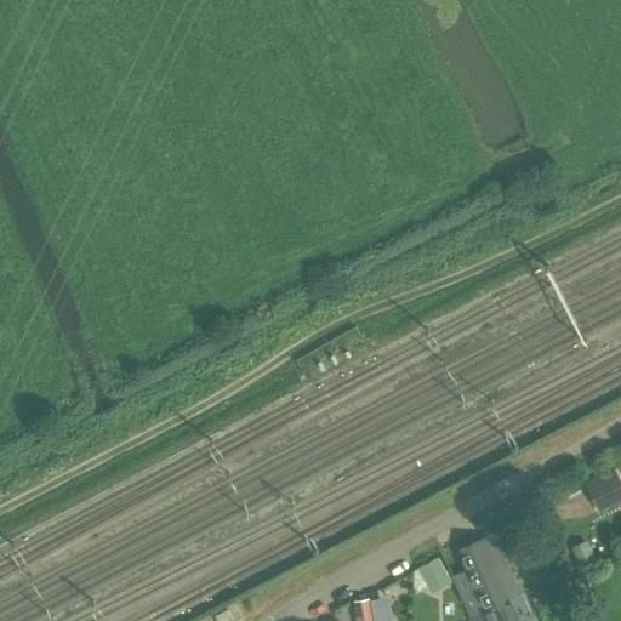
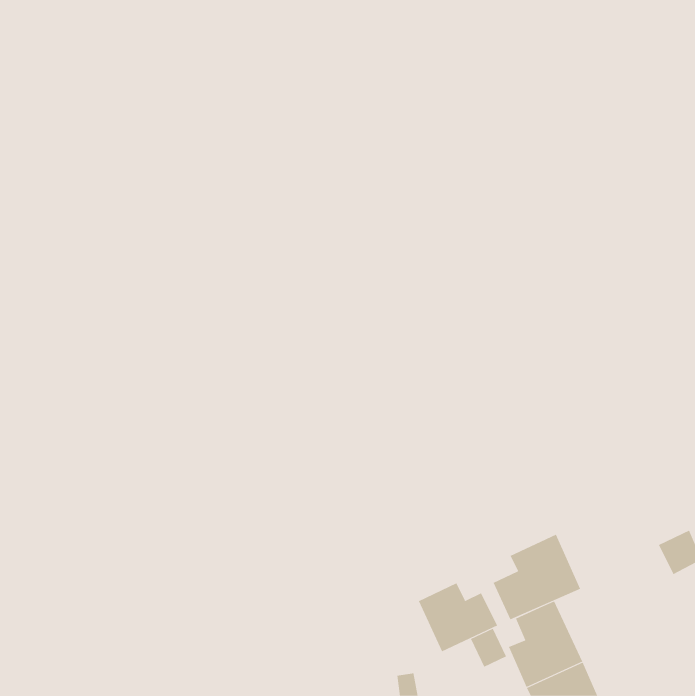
building: none -> [493,534,581,620]
building: none -> [418,582,498,652]

